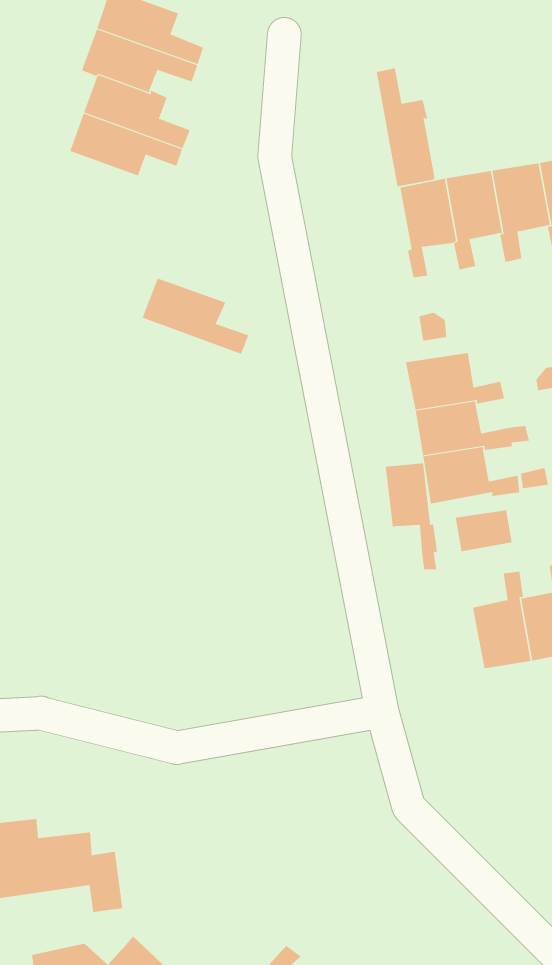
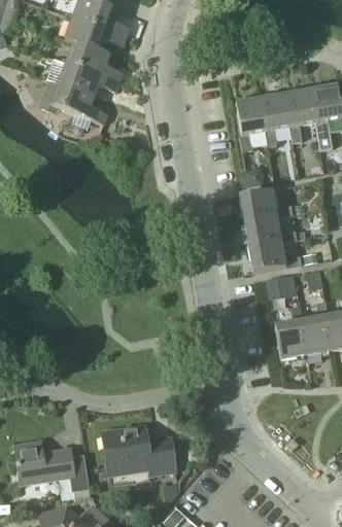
building: [376,67,435,187] -> none
building: [142,278,249,354] -> [52,81,109,122]
building: [385,463,437,570] -> none
building: none -> [102,425,176,471]

